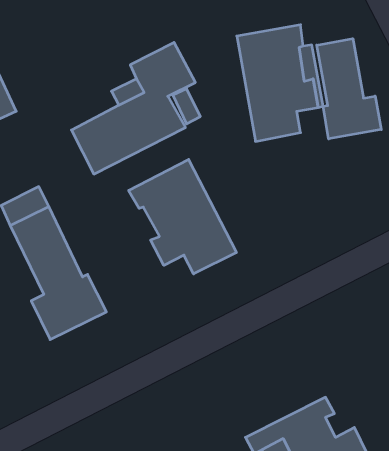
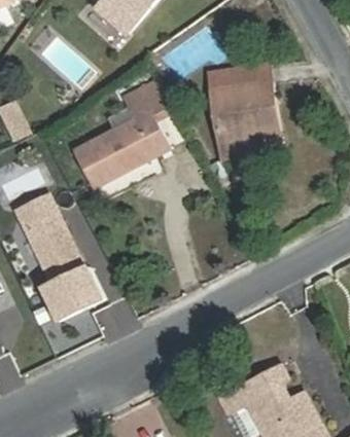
building: [317,39,381,139] -> none
building: [129,159,236,274] -> none

